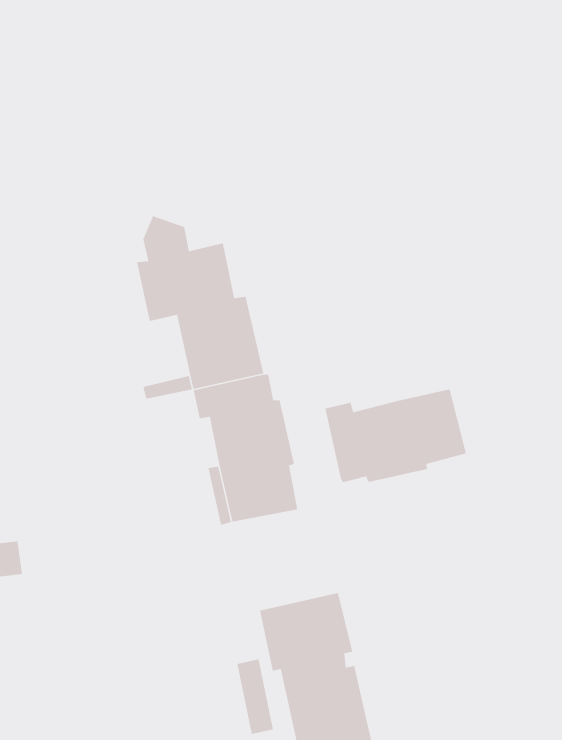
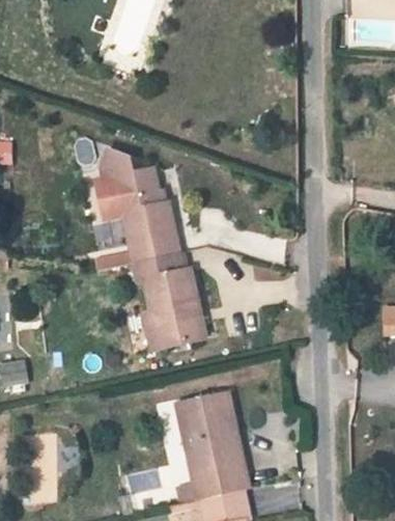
building: [324,389,467,483] -> none

